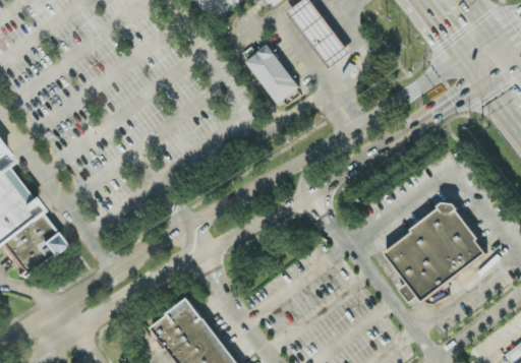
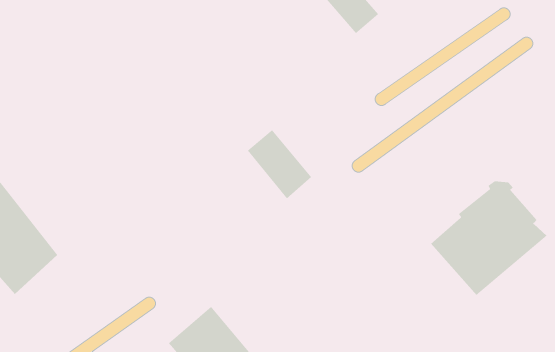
building: [243,46,299,108] -> [247,129,312,200]

